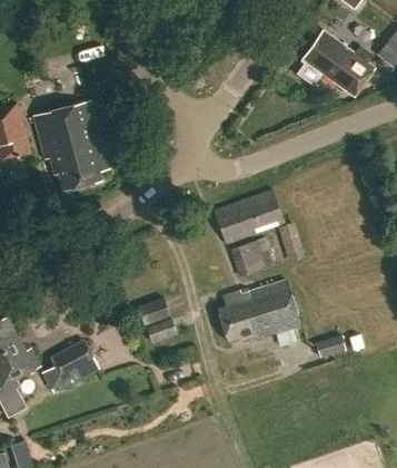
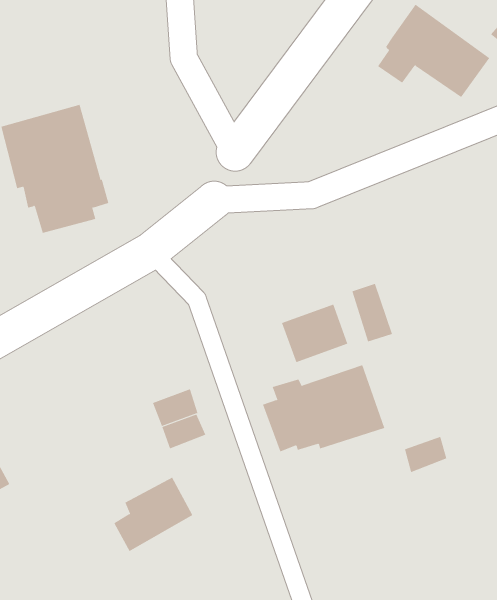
building: [215,191,285,244] -> none
building: [43,340,99,392] -> [113,477,193,552]

